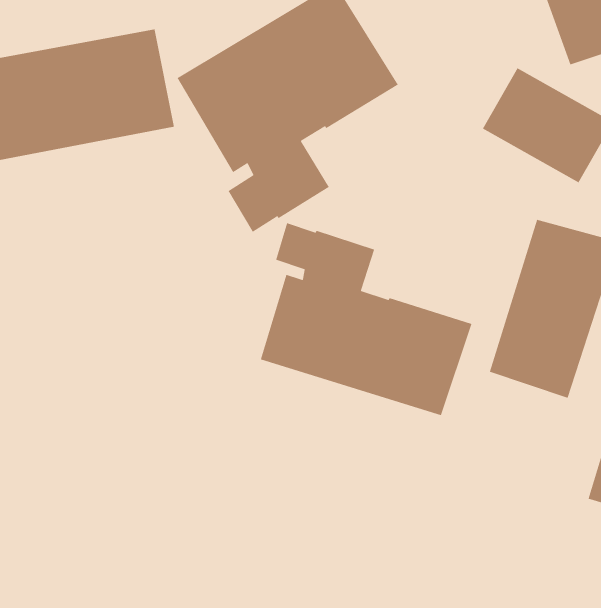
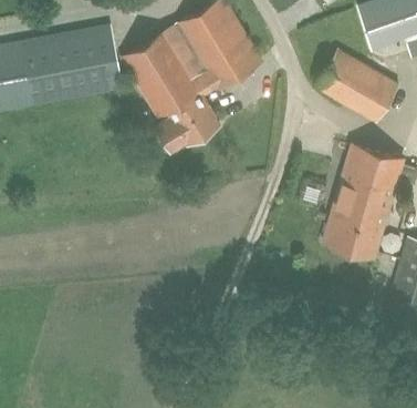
building: [260,222,472,416] -> none

